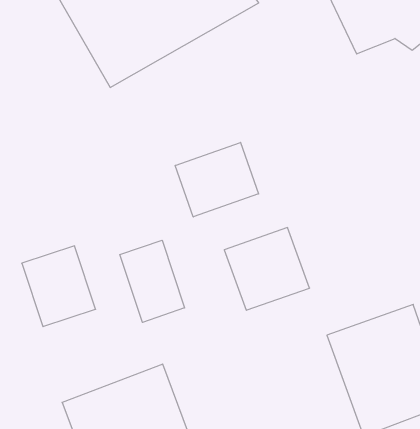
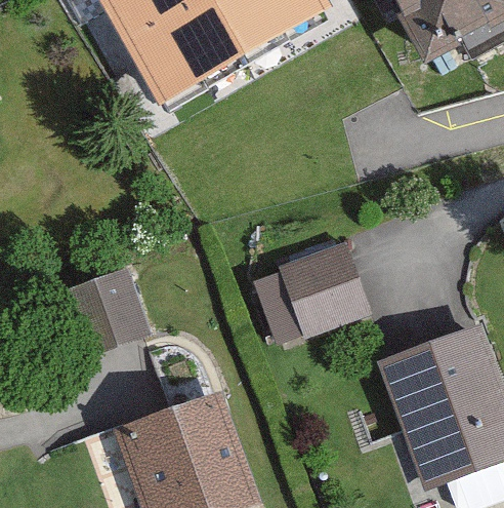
building: [175,142,259,217] -> none
building: [120,240,185,322] -> none

